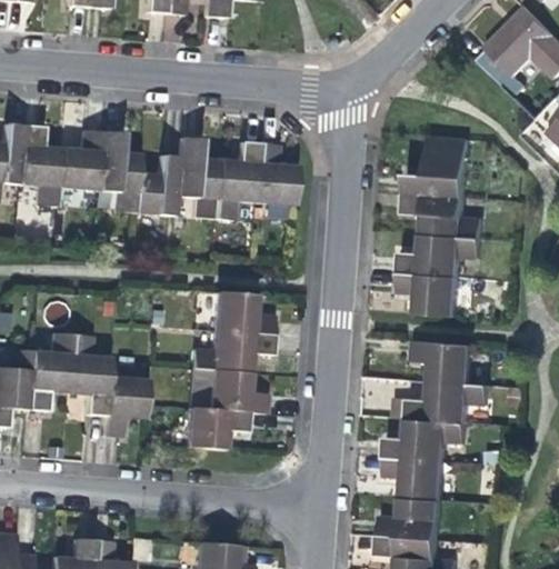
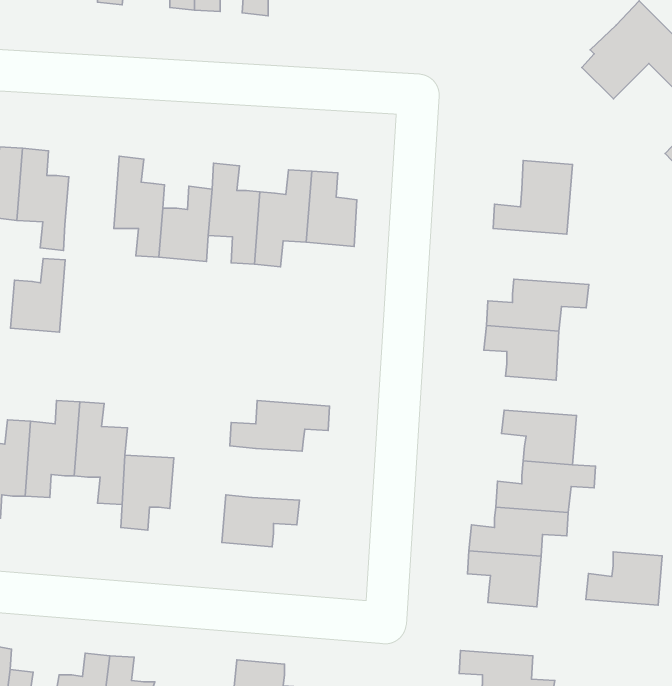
building: [56,131,100,191] -> [10,258,65,332]
building: [403,191,483,237] -> none
building: [212,291,272,336] -> none
building: [208,370,268,415] -> none
building: [378,496,440,539] -> [586,552,662,605]

